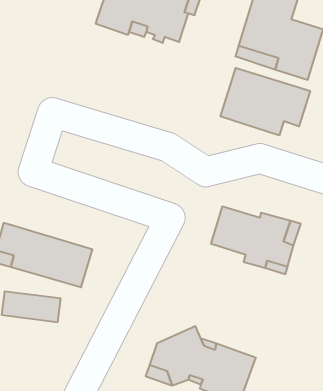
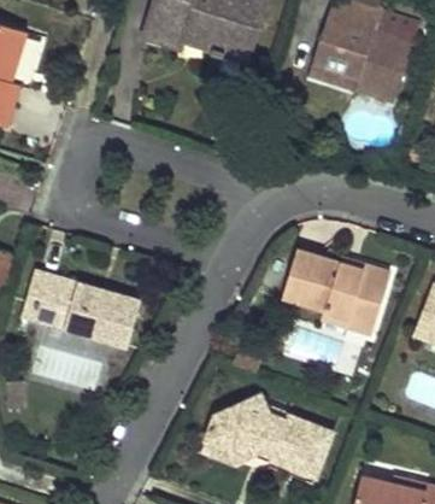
building: [221,68,310,135] -> none

